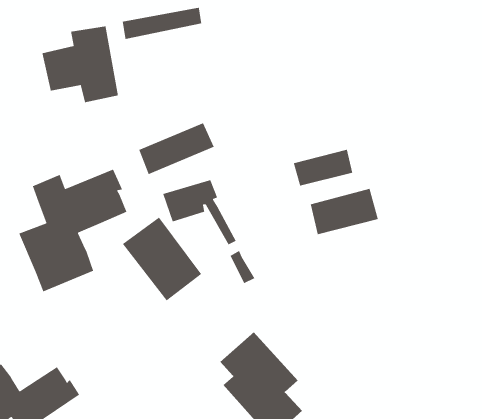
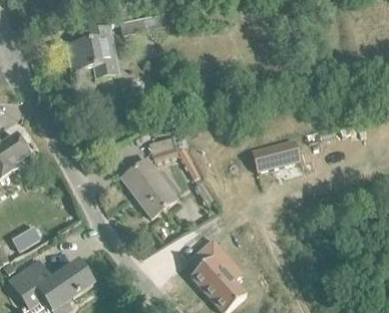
building: [138,122,215,175] -> none
building: [293,149,353,187] -> none
building: [18,169,128,293] -> none

